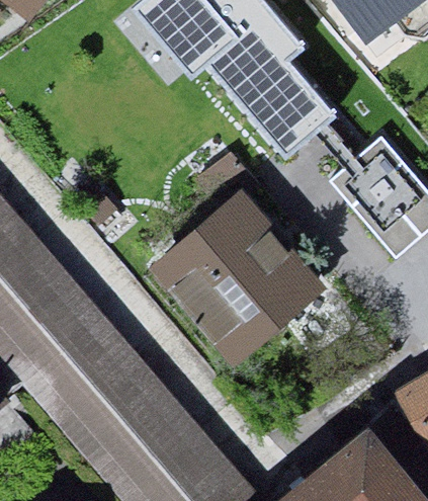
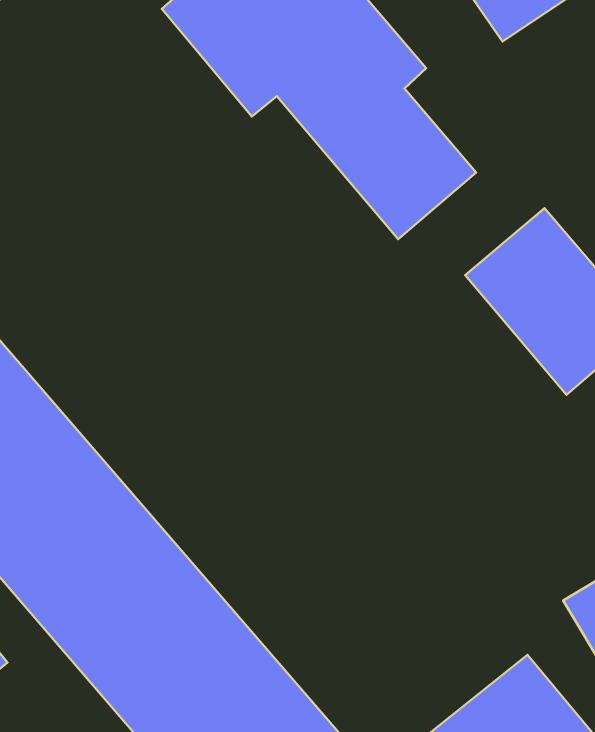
building: [154,191,318,355] -> none

